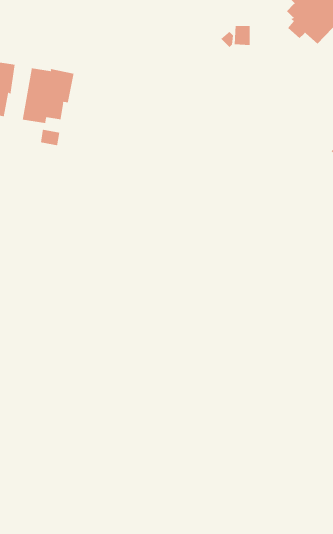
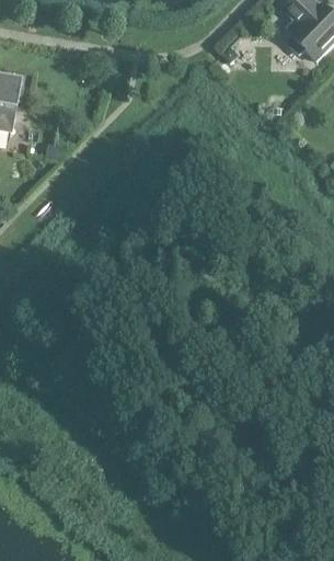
building: [22,68,74,124] -> none

